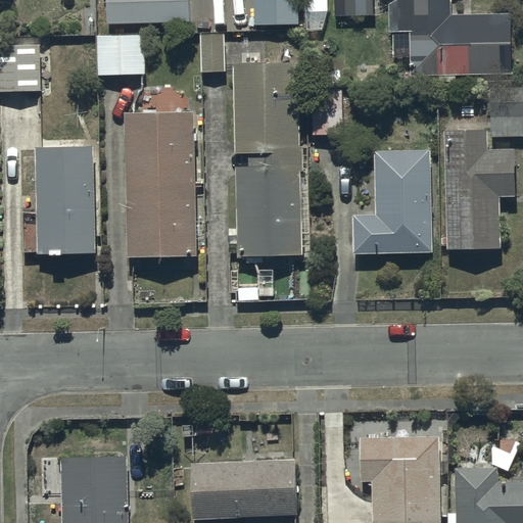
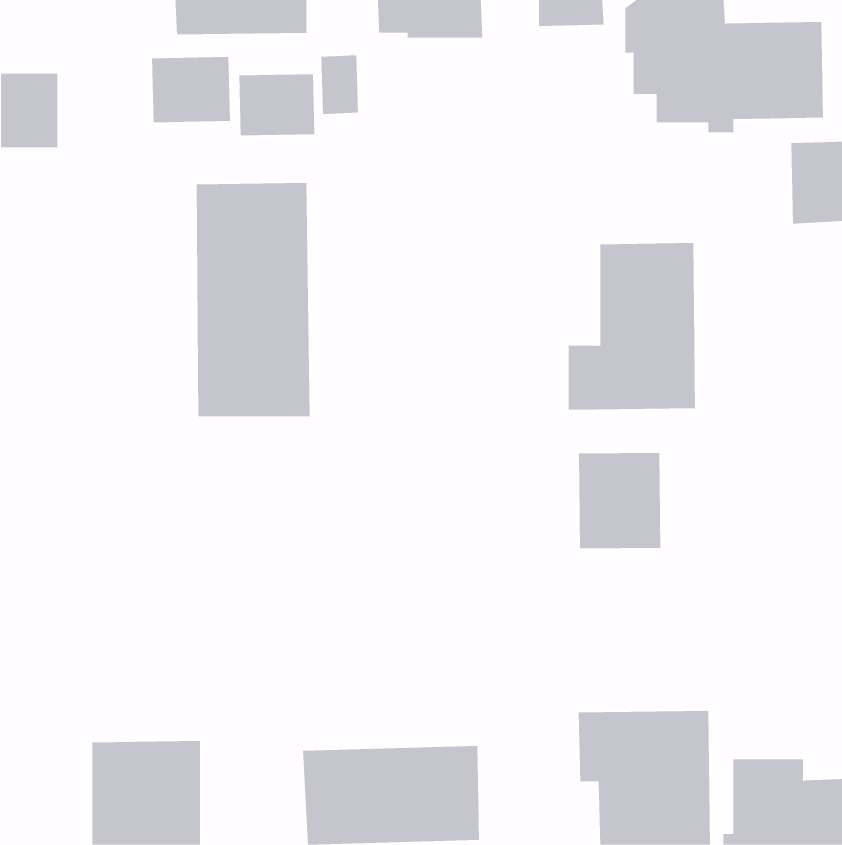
building: none -> [239,73,315,136]
building: [234,63,301,256] -> none
building: [444,131,516,250] -> none
building: [34,146,93,256] -> none
building: none -> [578,452,661,549]

